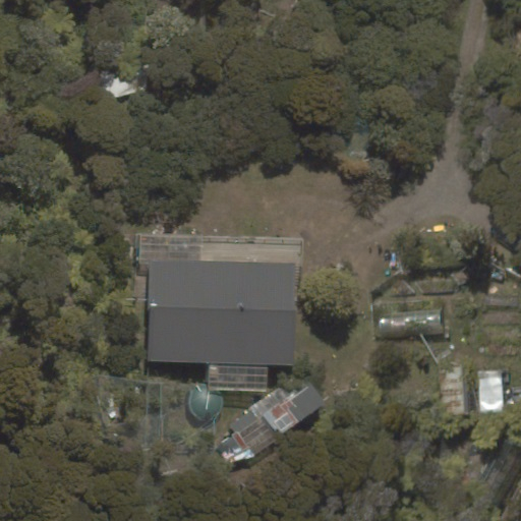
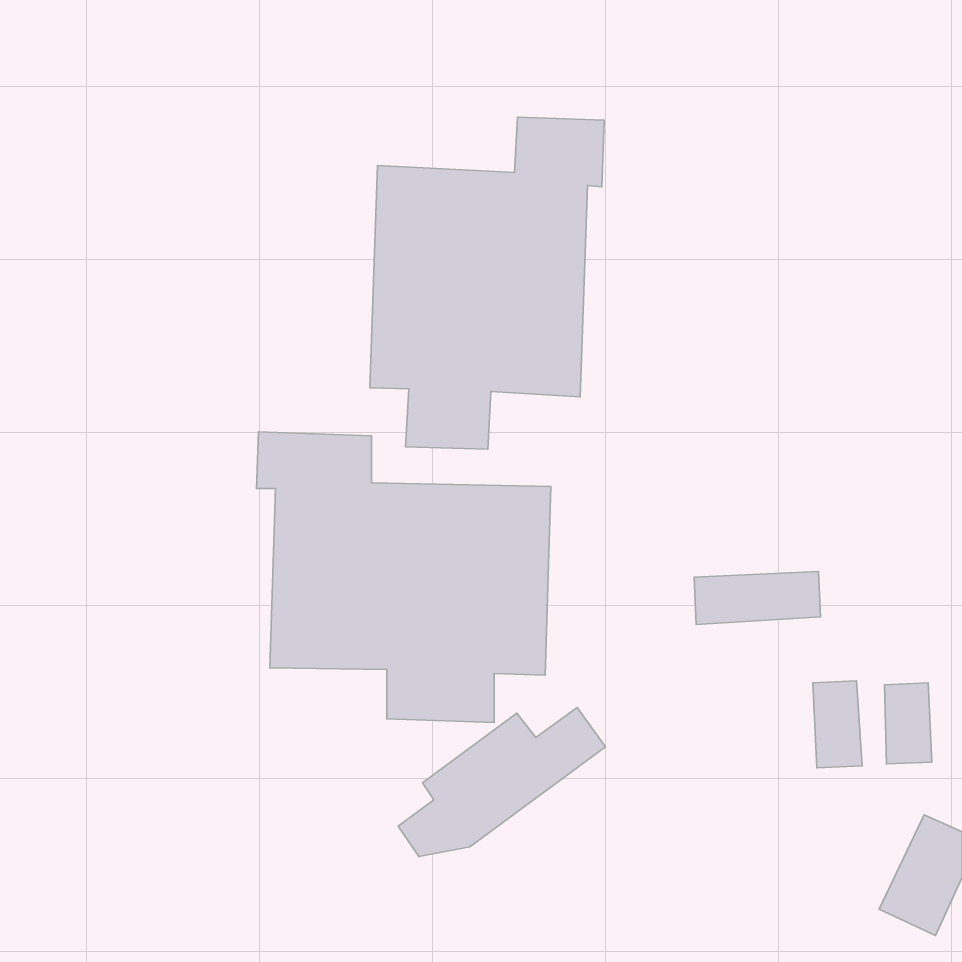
building: none -> [370,117,604,449]

